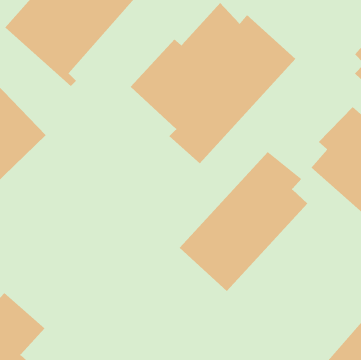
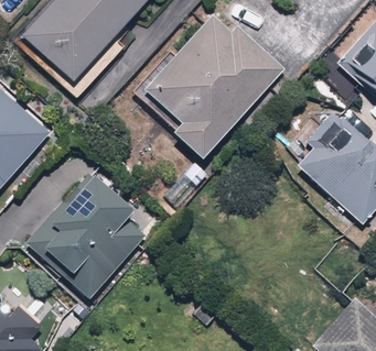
building: [179,151,308,292] -> none
building: none -> [26,175,153,303]

